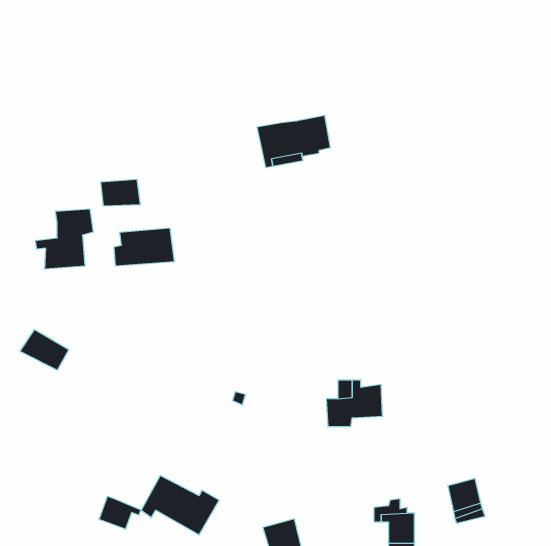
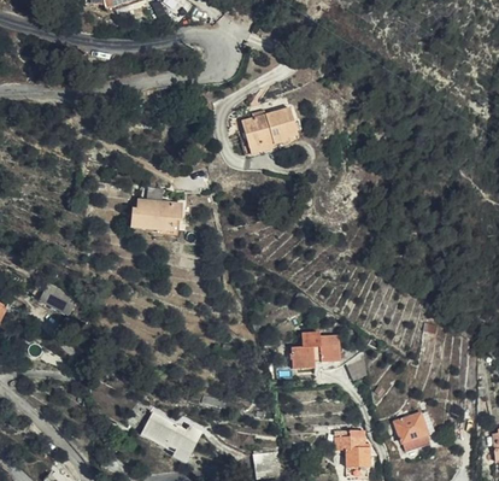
building: [101,179,140,206] -> none
building: [36,209,93,269] -> none
building: [99,496,141,529] -> none

